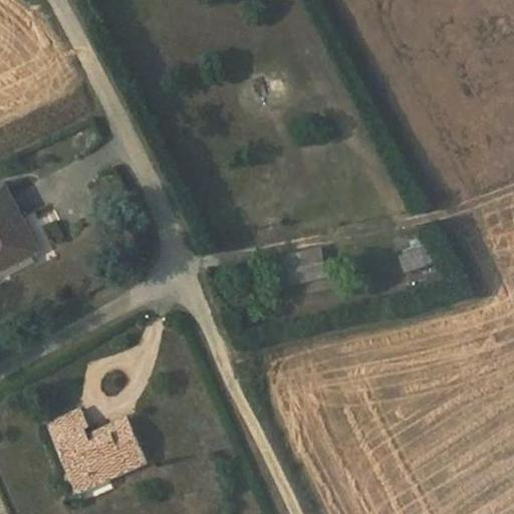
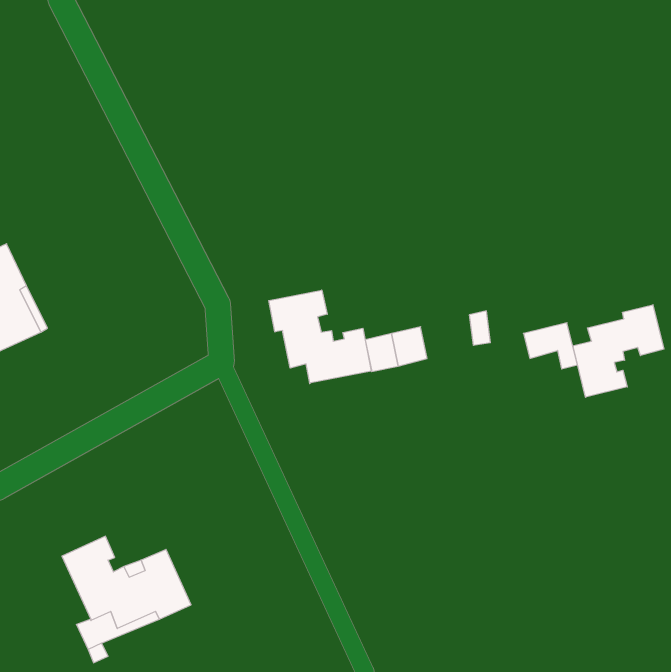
building: none -> [269,290,371,384]
building: none -> [573,305,664,397]

